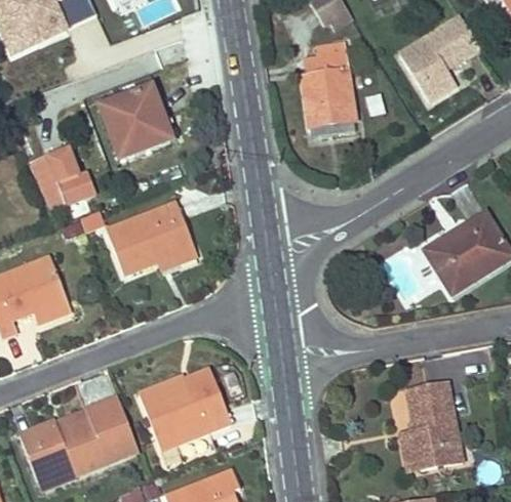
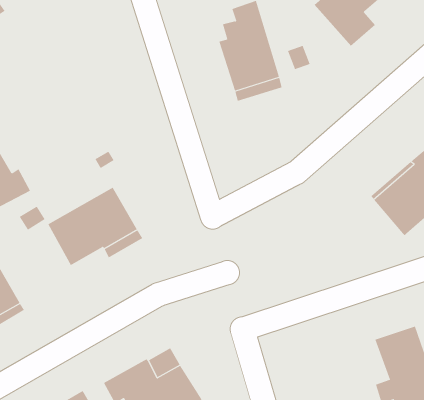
building: [99,86,171,159] -> none

